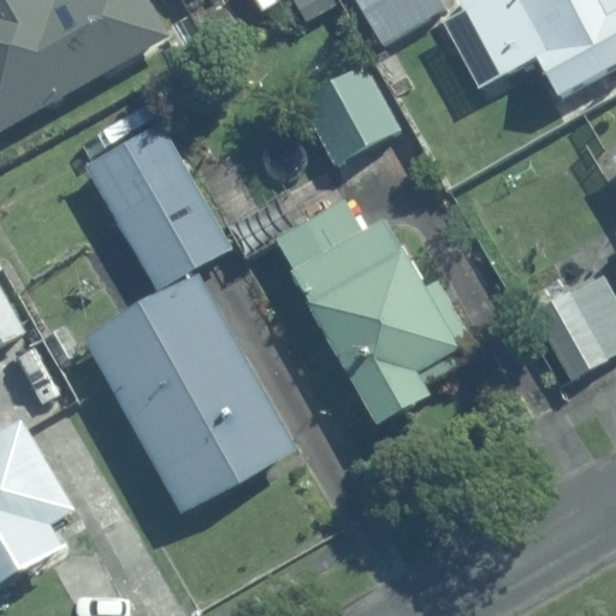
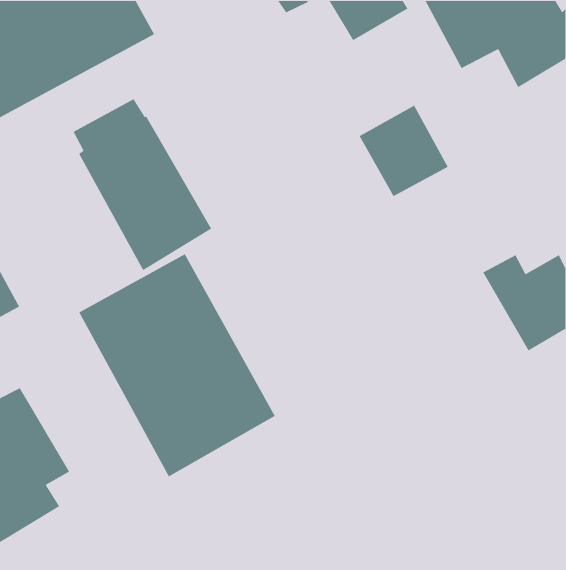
building: [300,64,397,164] -> [359,105,449,197]
building: [271,194,476,421] -> none

